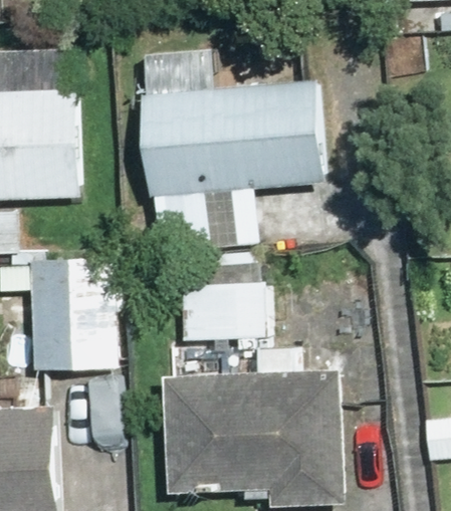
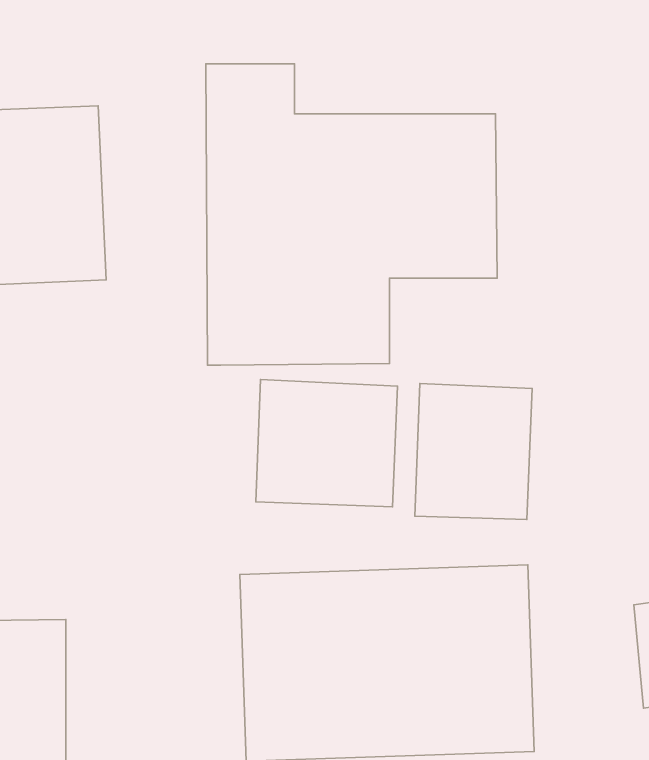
building: none -> [415,384,532,519]
building: [28,261,119,368] -> none

